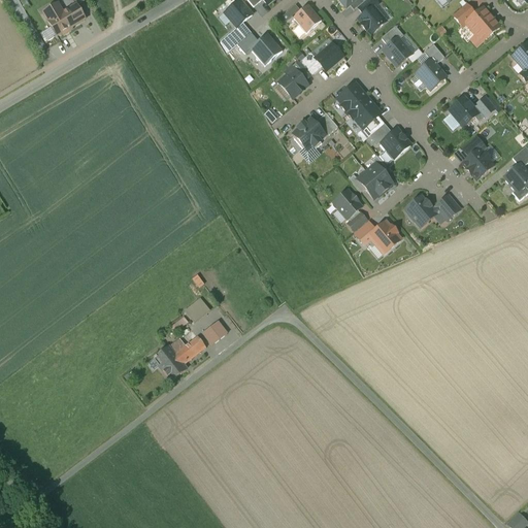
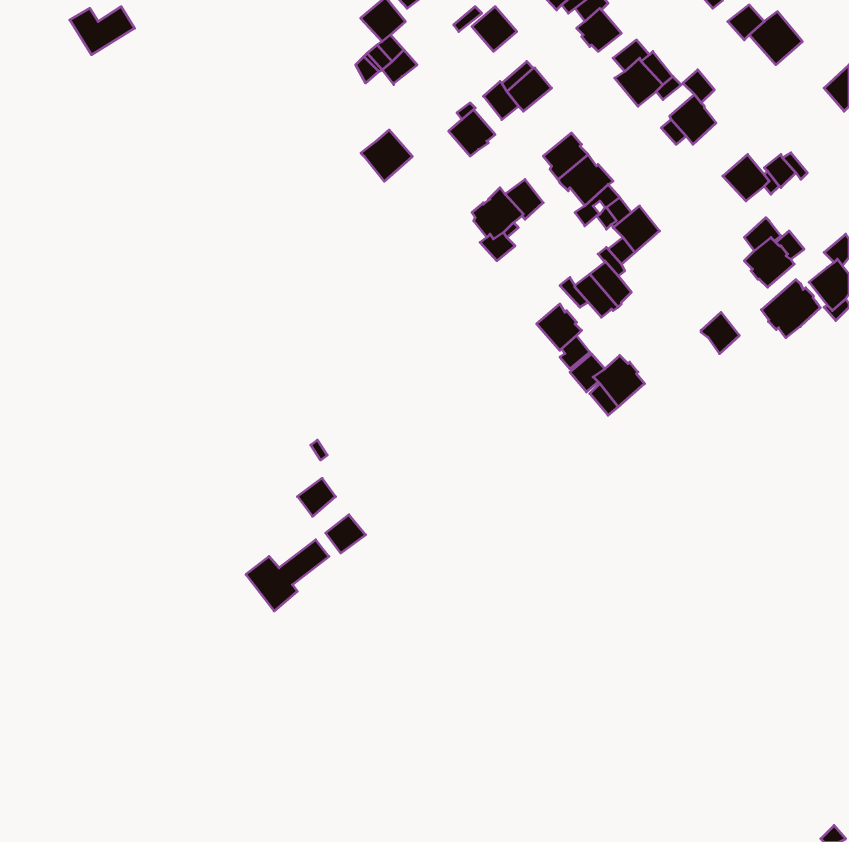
building: [250,33,282,65] -> [361,130,412,181]
building: none -> [761,280,820,338]
building: [404,195,439,226] -> none

